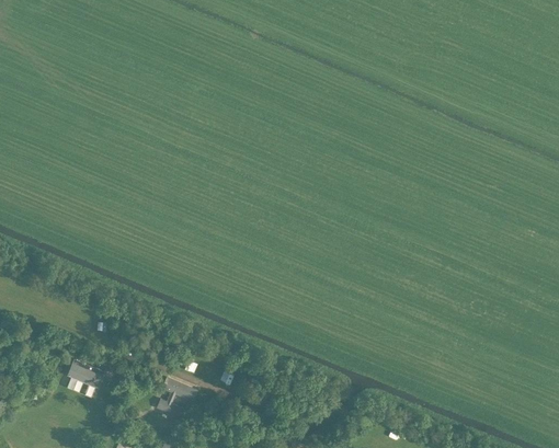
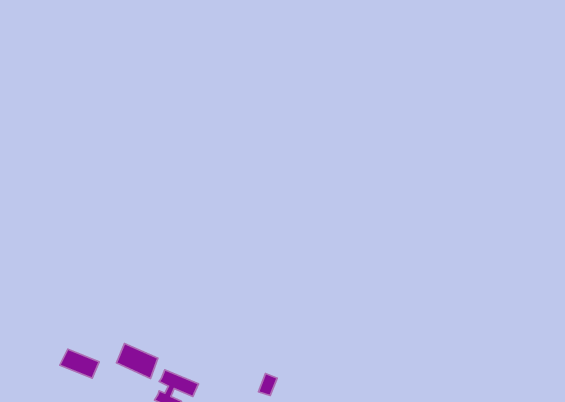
building: none -> [116,343,158,379]

